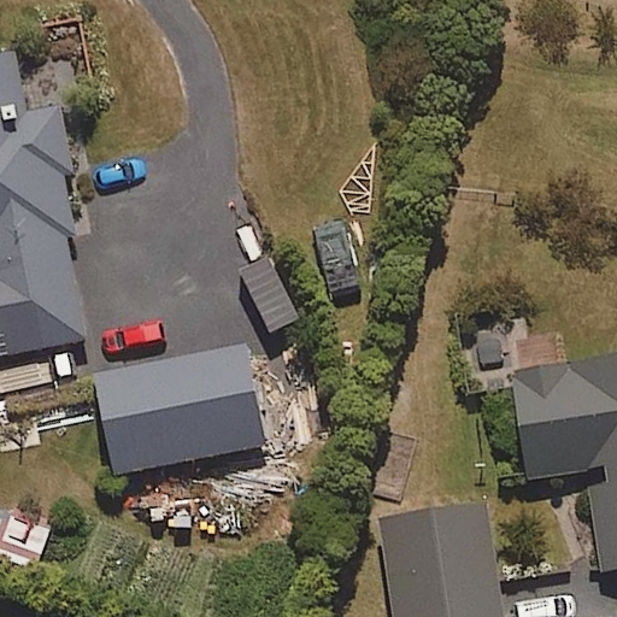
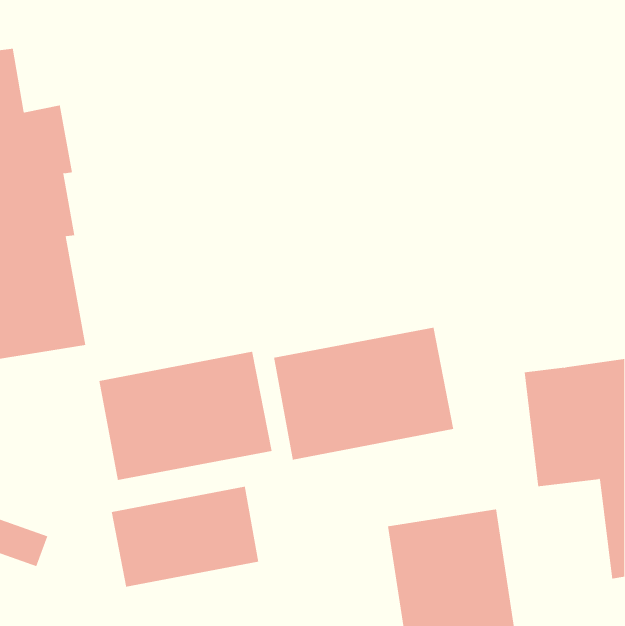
building: none -> [274,327,454,460]
building: none -> [111,486,259,587]

